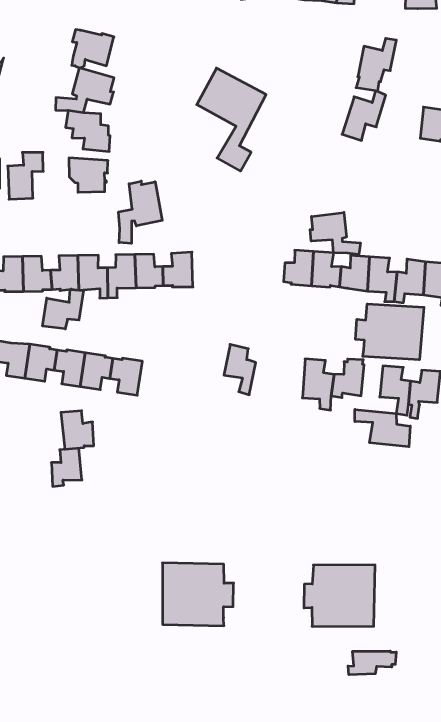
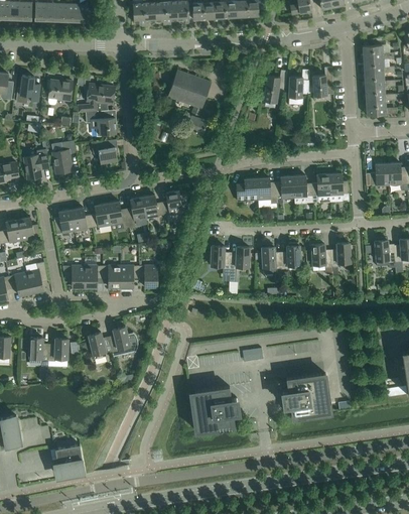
building: [72,30,114,68] -> [46,80,73,104]
building: [356,38,396,91] -> [288,69,309,103]
building: [119,181,162,243] -> none
building: [310,212,360,255] -> none
building: [43,290,83,329] -> none
building: [356,304,424,360] -> none
building: none -> [229,246,249,281]
building: [355,409,410,447] -> none
building: [61,411,94,449] -> [88,332,112,358]
building: [348,651,396,675] -> none

